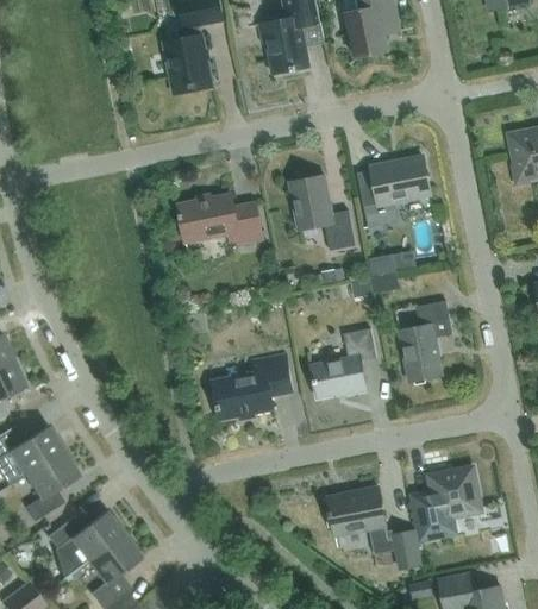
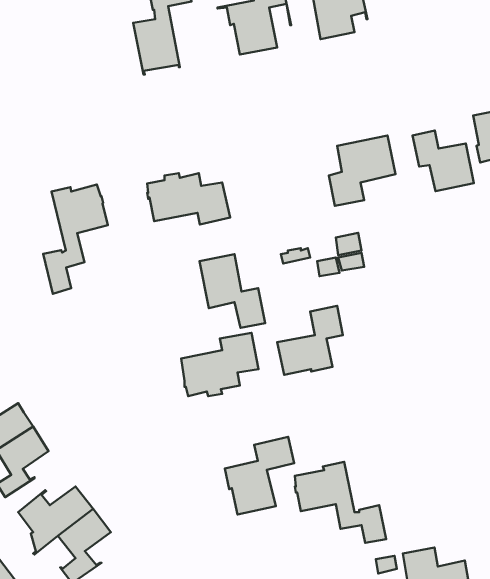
building: none -> [412,130,474,191]
building: [289,175,356,250] -> [199,254,265,328]
building: none -> [43,185,108,294]
building: [400,300,453,381] -> none
building: none -> [225,437,294,515]
building: [414,467,481,538] -> none

